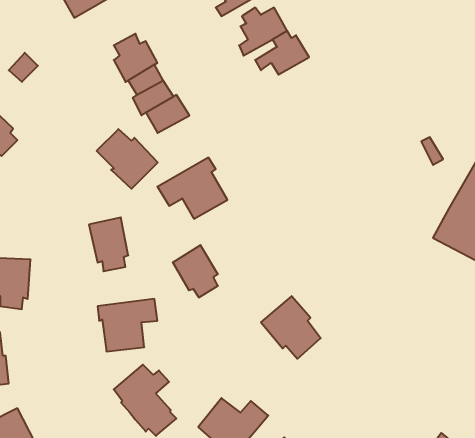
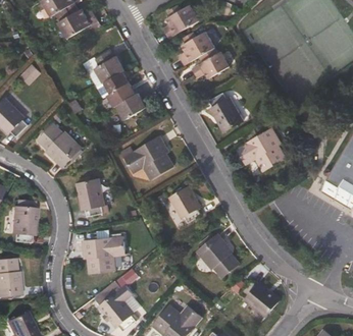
building: none -> [211,93,245,131]
building: [97,129,158,189] -> [39,124,82,166]
building: none -> [239,128,288,171]
building: [173,245,218,297] -> [170,185,202,222]
building: none -> [242,280,281,317]

